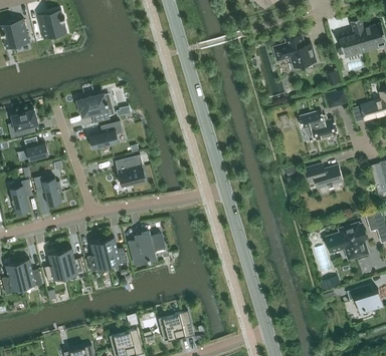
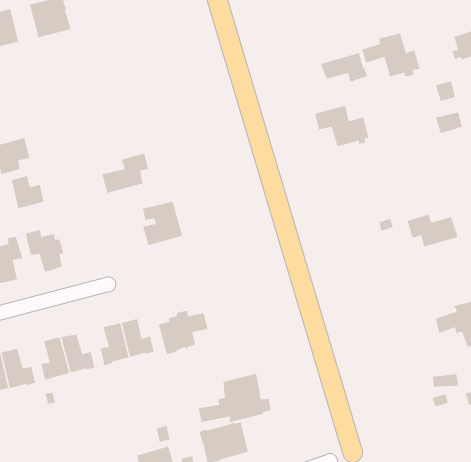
building: none -> [320,52,368,82]
building: [76,95,114,118] -> none
building: [298,111,337,141] -> [314,105,369,147]
building: none -> [198,373,271,423]

